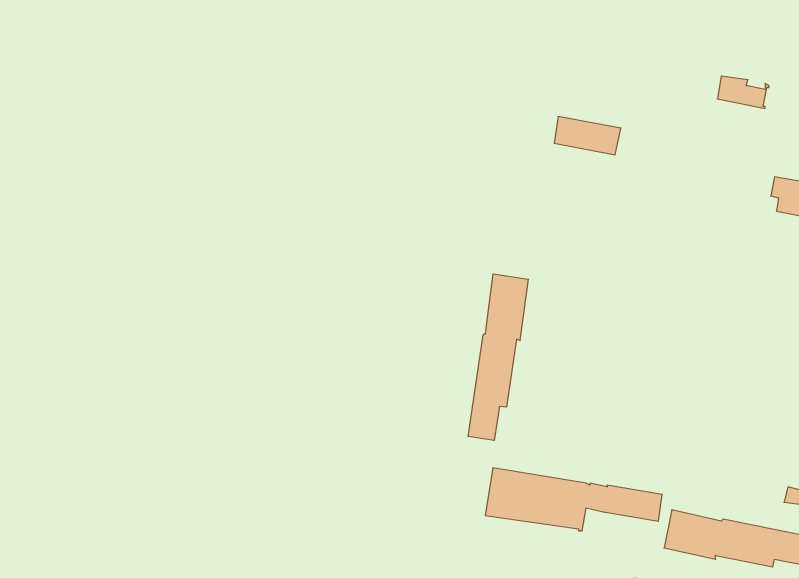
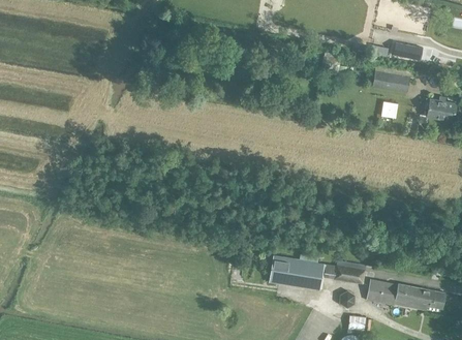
building: [554,117,621,155] -> [373,70,409,91]
building: [468,274,528,440] -> none

